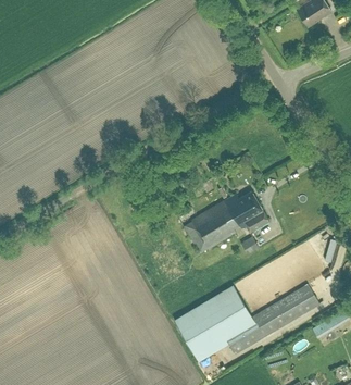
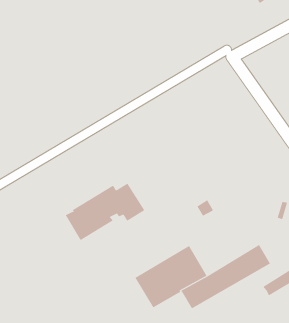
building: [184,191,269,253] -> [65,183,145,241]

